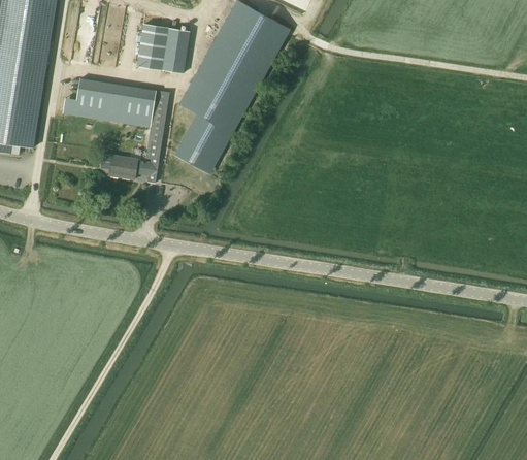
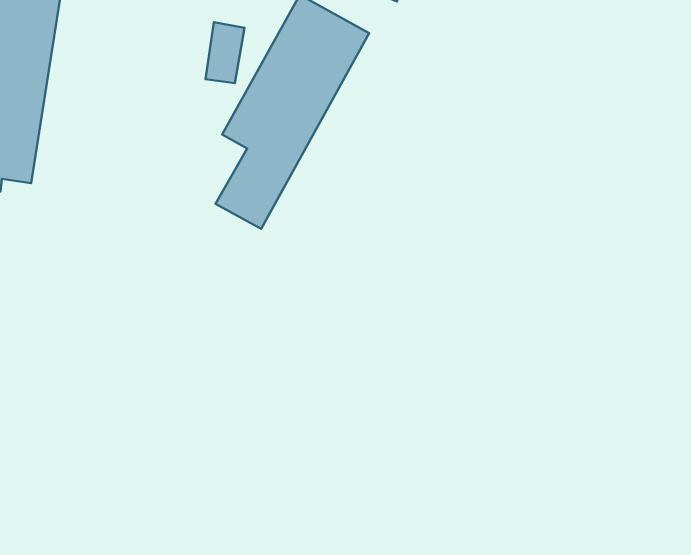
building: [137,23,169,69] -> none
building: [75,77,170,183] -> none

